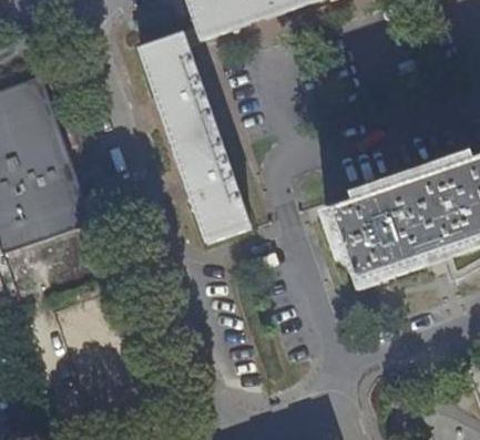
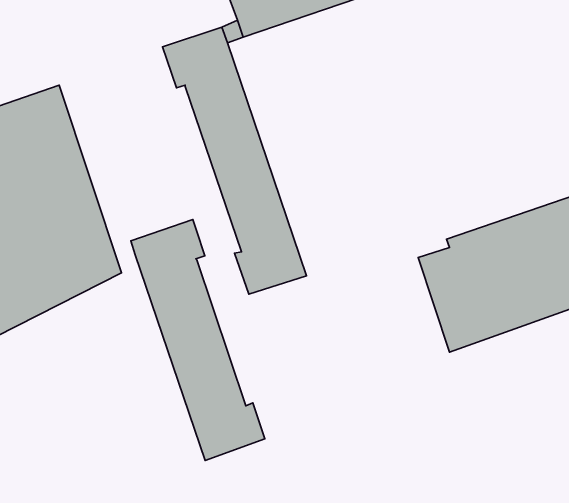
building: none -> [131,219,265,460]

